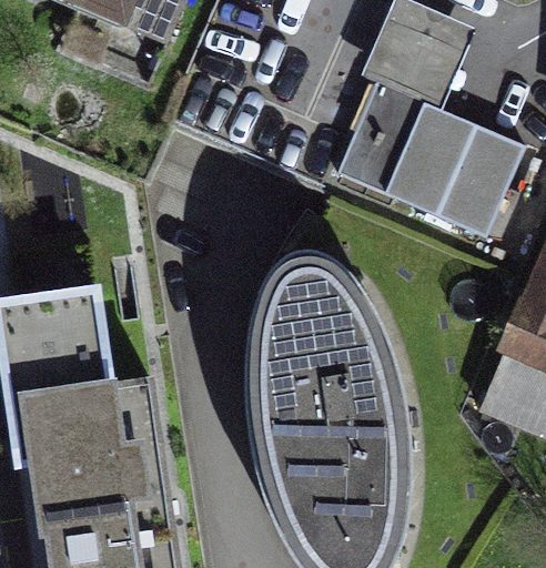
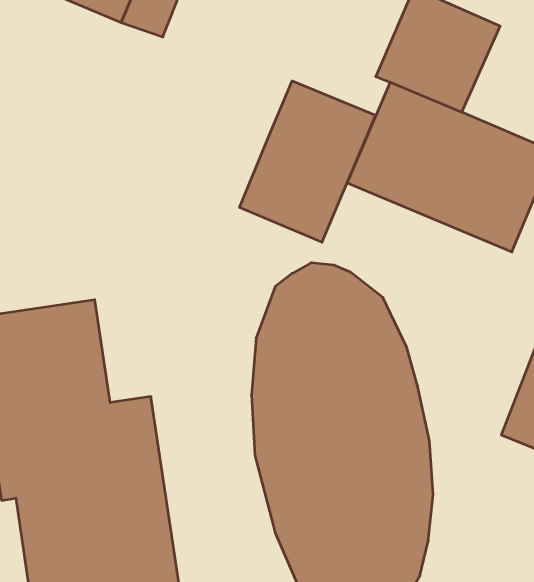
building: none -> [240,81,375,242]

